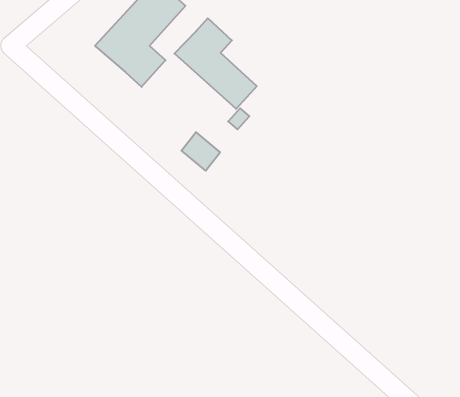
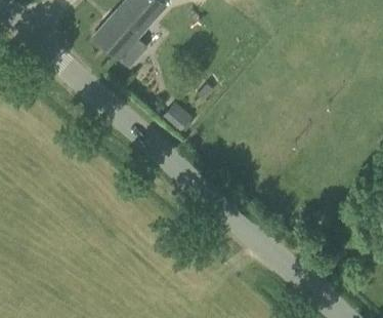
building: [174,18,257,109] -> none

